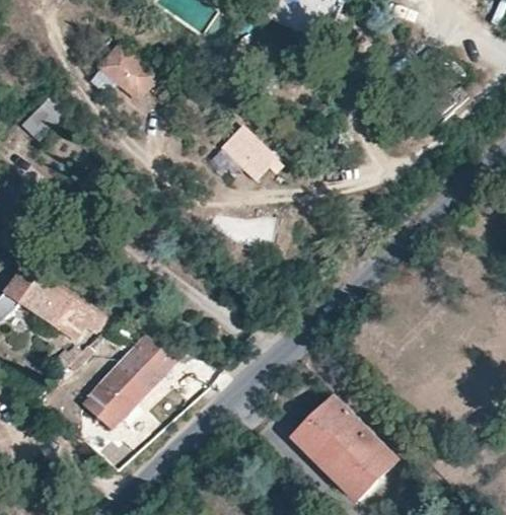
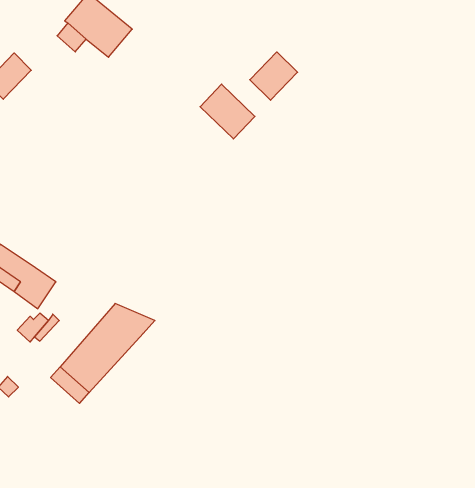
building: none -> [250,52,298,100]
building: [294,397,396,499] -> none

